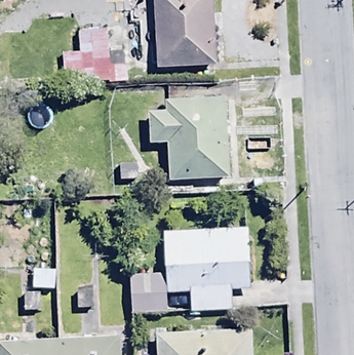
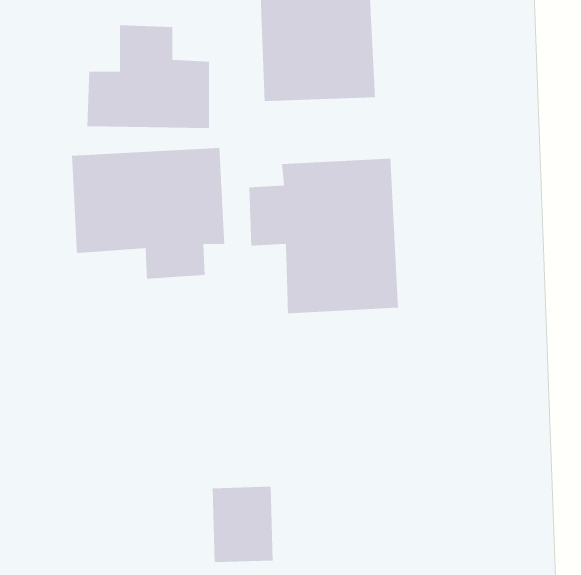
building: none -> [71,147,225,279]
building: [163,228,249,309] -> none

